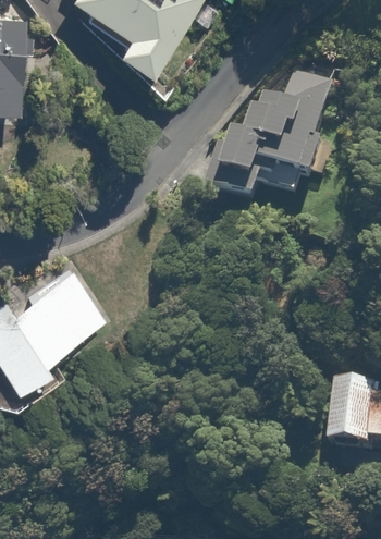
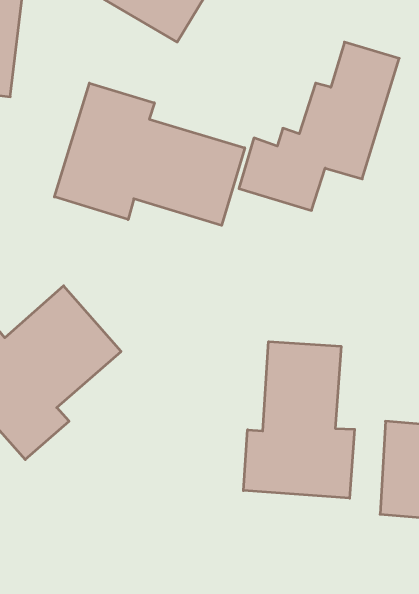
building: none -> [54,83,245,225]
building: none -> [243,342,355,498]

